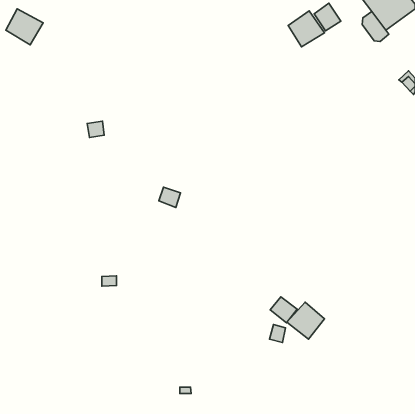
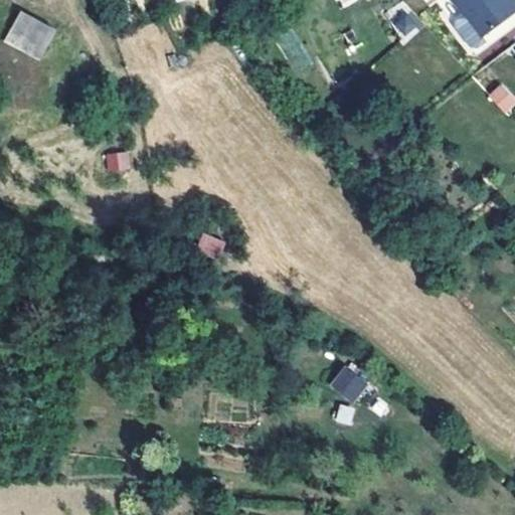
building: [288,11,324,47] -> none
building: [287,302,325,339] -> none

